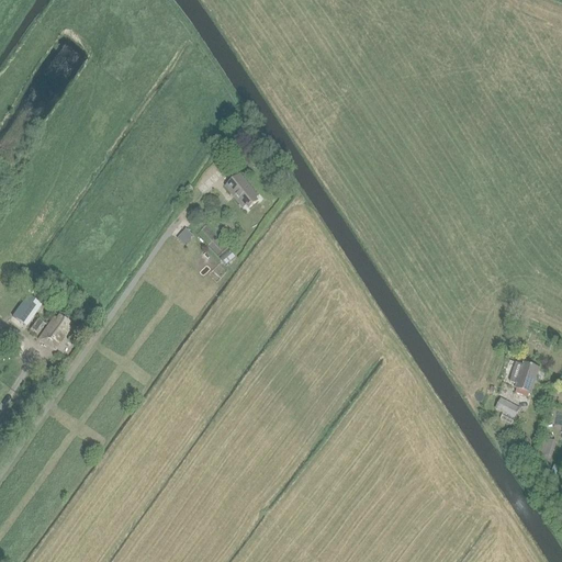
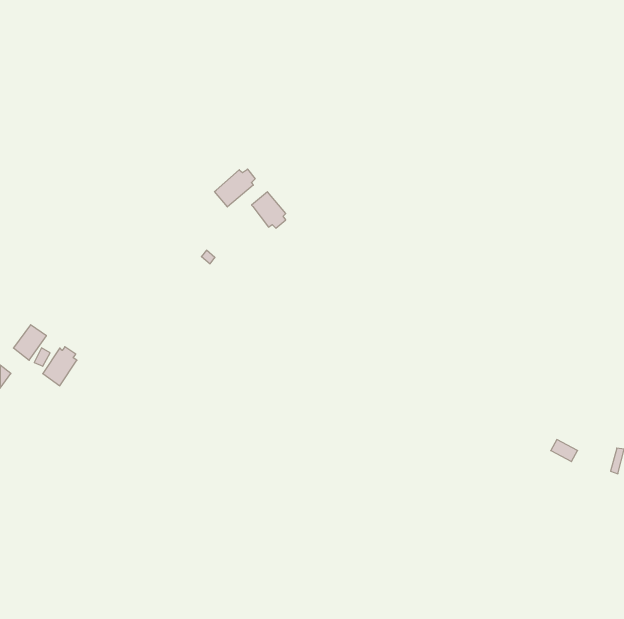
building: none -> [215,169,255,207]
building: [509,359,539,390] -> none

